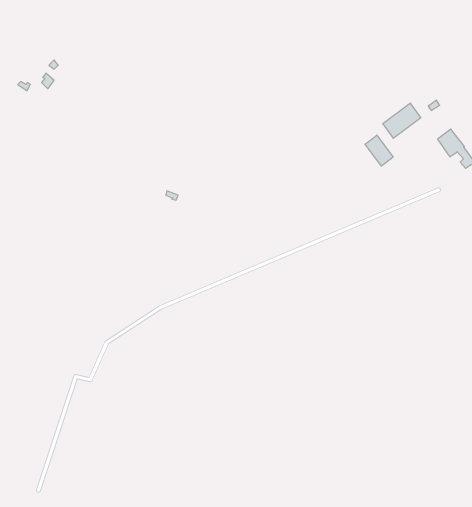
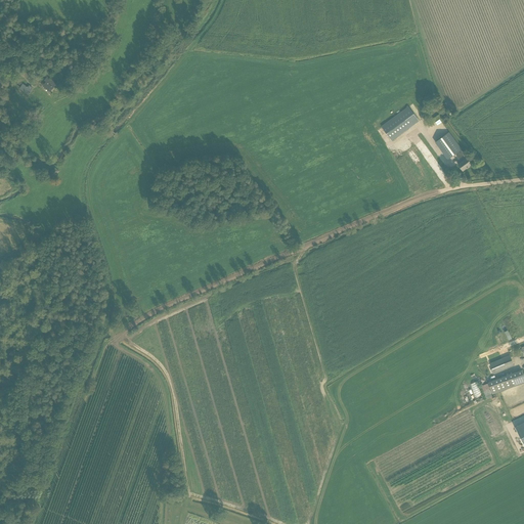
building: [365,135,393,166] -> none

